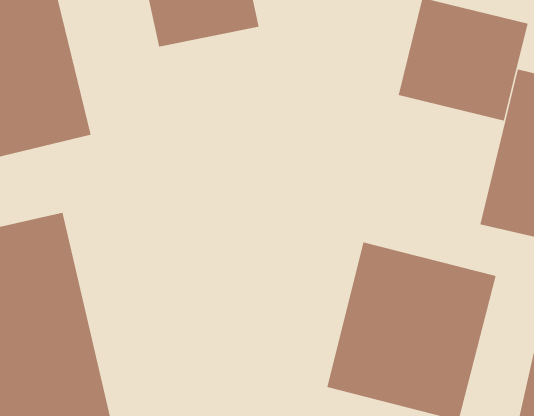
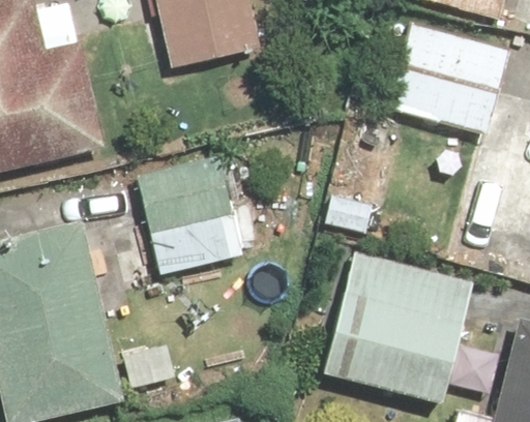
building: none -> [136,149,245,276]

